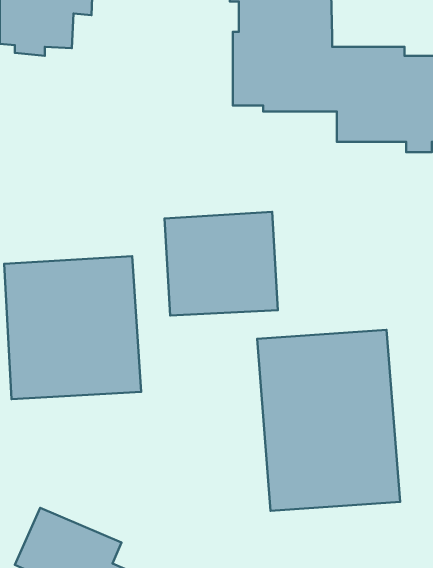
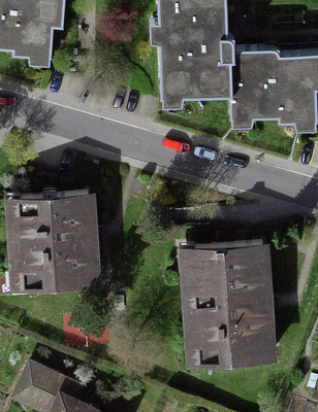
building: [164,212,278,315] -> none

